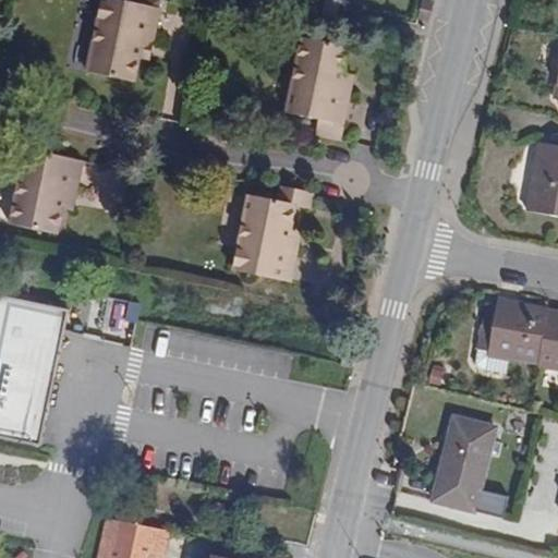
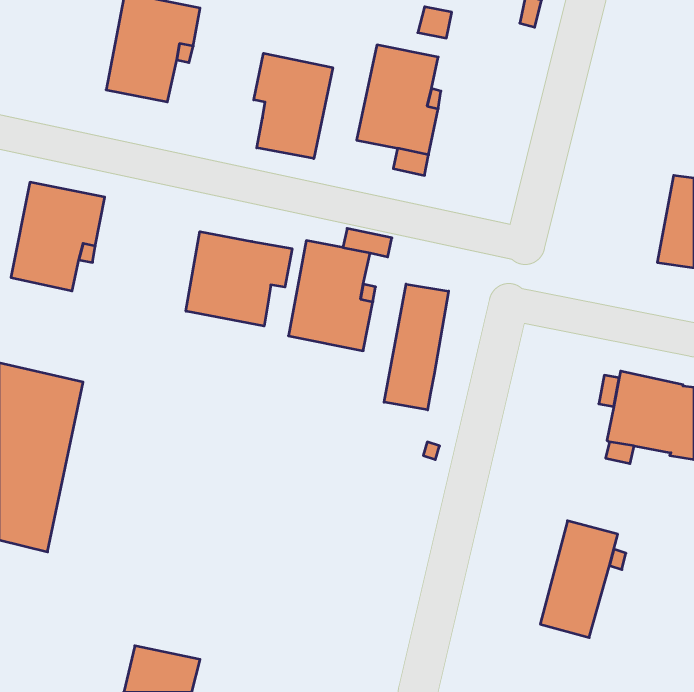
building: none -> [254,53,333,159]
building: none -> [186,232,292,326]
building: none -> [384,284,449,410]

